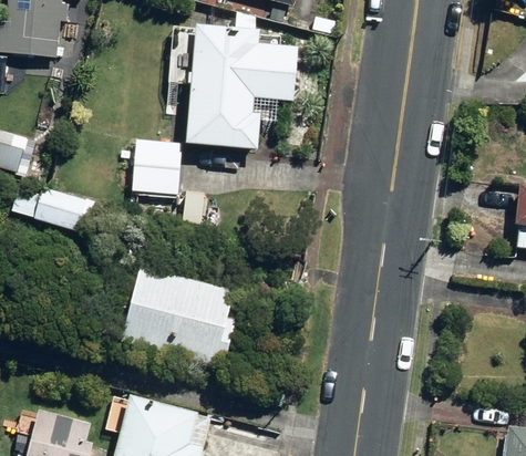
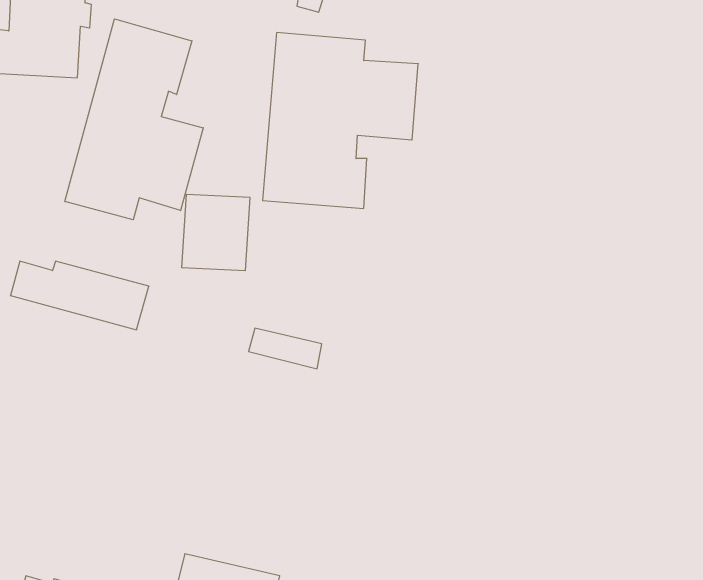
building: none -> [65,19,203,220]
building: [123,268,237,369] -> none

